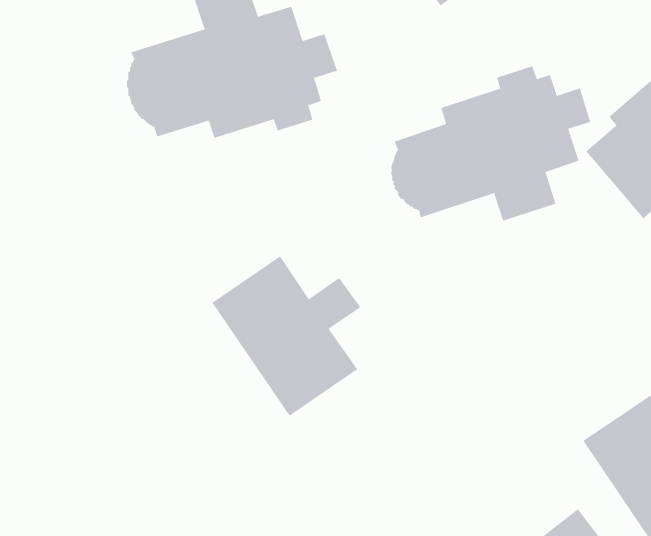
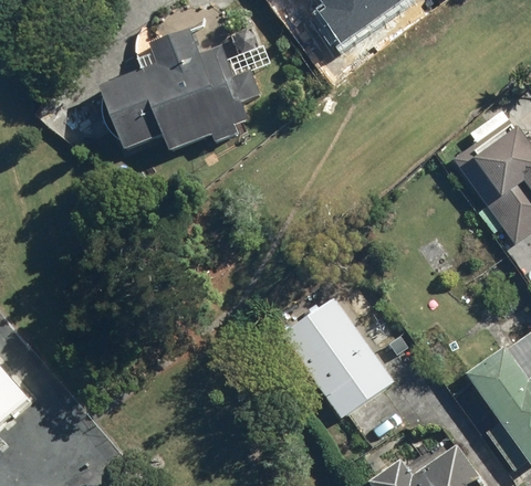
building: [391,65,591,222] -> none
building: [211,255,361,417] -> [282,296,397,420]

